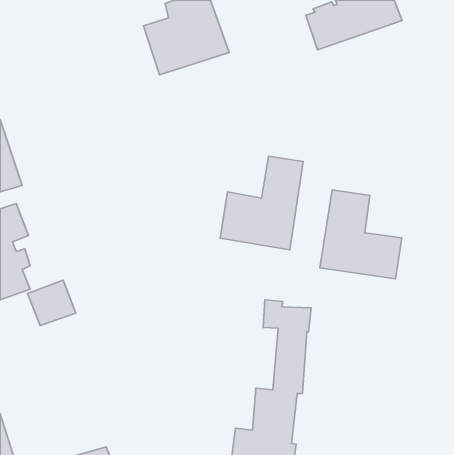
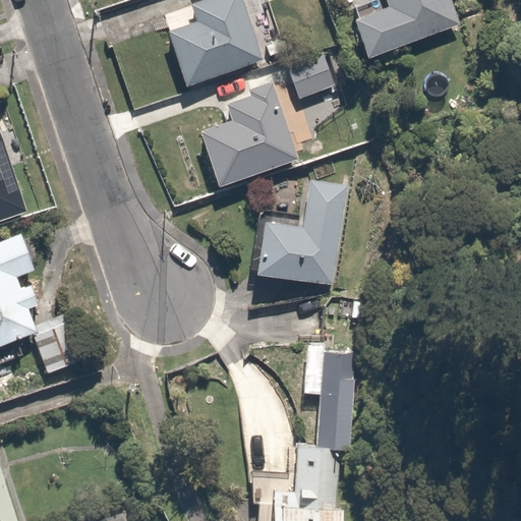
building: none -> [286,52,337,99]
building: none -> [197,81,298,186]
building: [320,190,402,279] -> none

